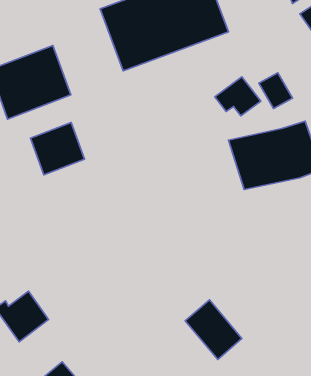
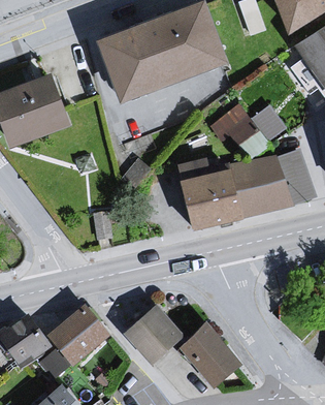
building: [30,123,85,175] -> none
building: none -> [180,163,240,229]
building: none -> [124,306,185,366]
building: none -> [50,307,108,364]

